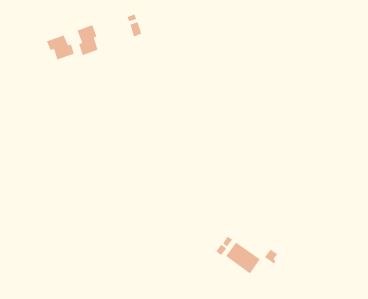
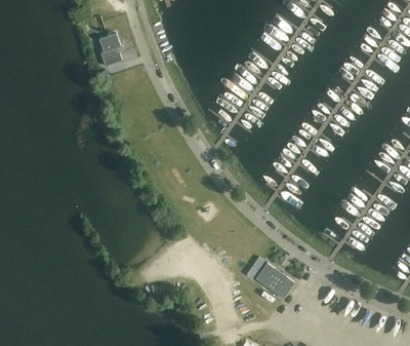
building: [46,34,75,61] -> none

